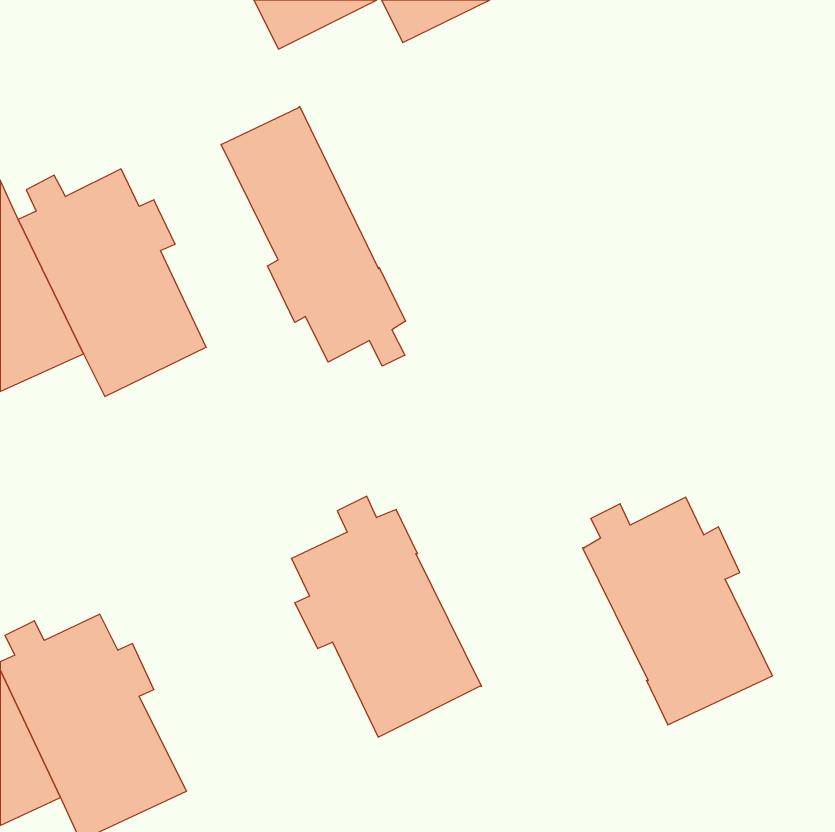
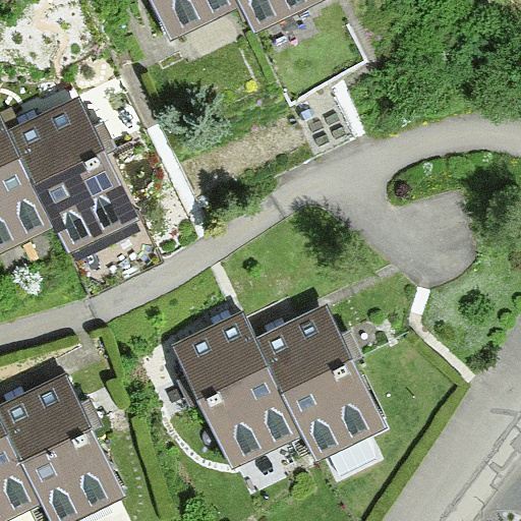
building: [221,106,406,366] -> none
building: [583,497,773,725] -> [259,315,378,457]

